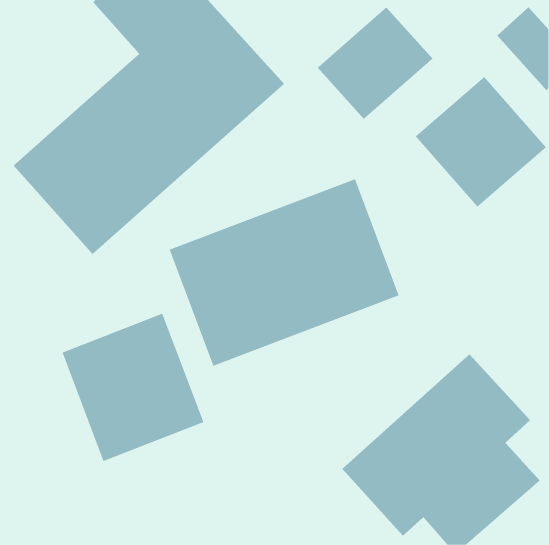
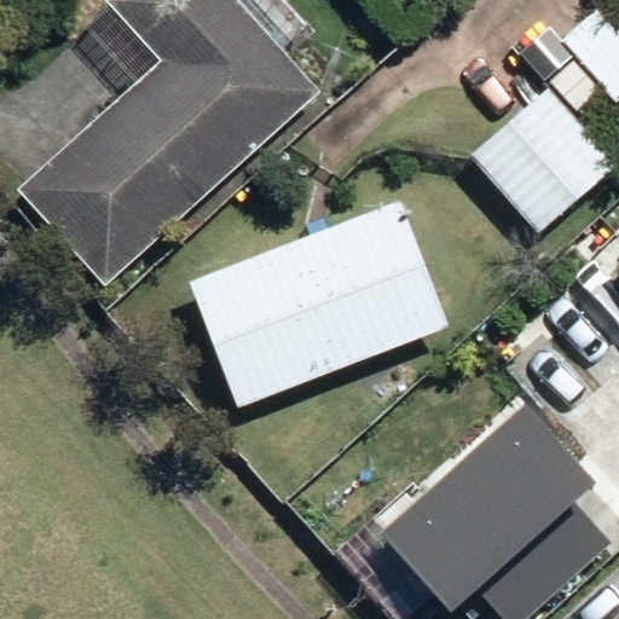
building: [317,6,433,120] -> none
building: [62,313,204,462] -> none

